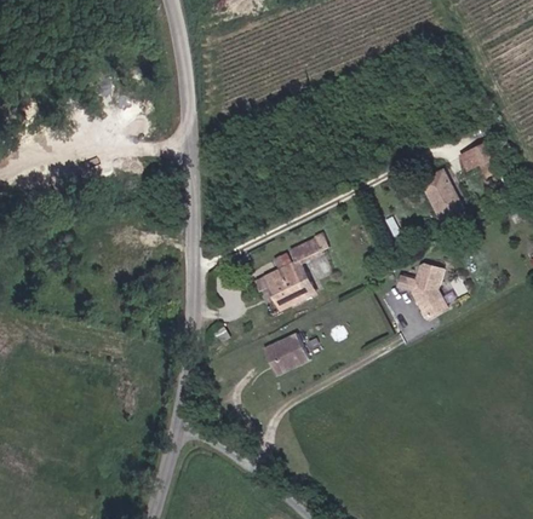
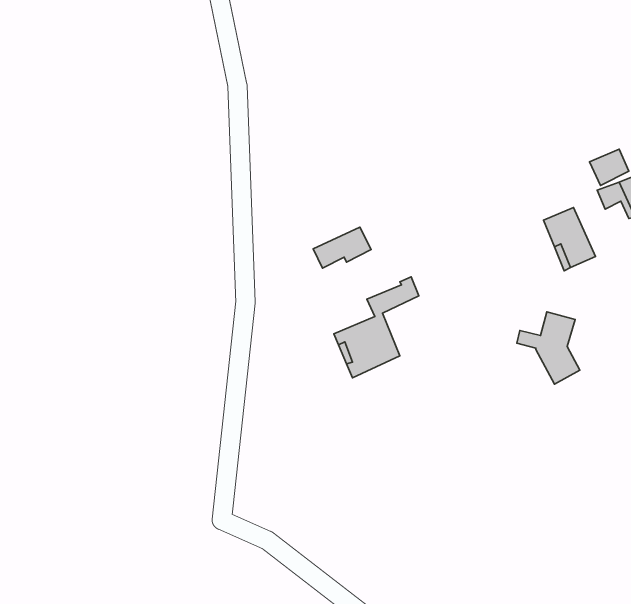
building: none -> [313,227,371,268]
building: [263,329,309,371] -> none

